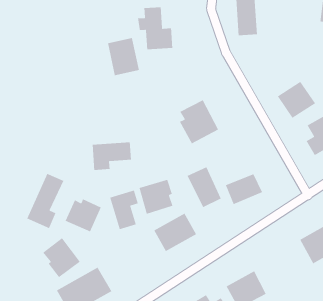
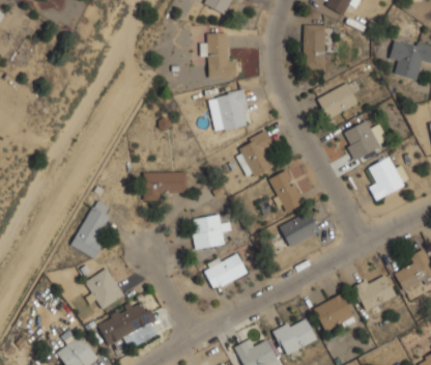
building: [107,37,140,76] -> [218,90,250,130]
building: none -> [318,84,357,118]
building: [187,166,222,208] -> [267,170,303,214]
building: [109,190,139,230] -> none
building: [65,198,102,233] -> none
building: none -> [314,293,354,333]

